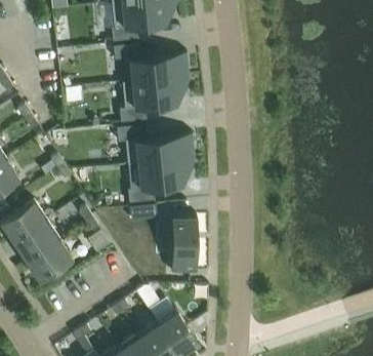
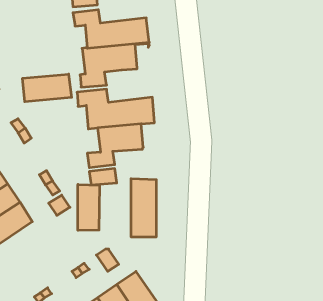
building: none -> [23,74,72,102]
building: none -> [78,184,99,230]

